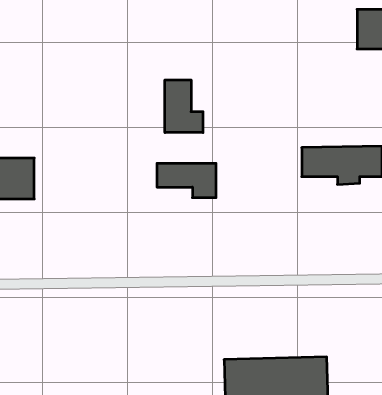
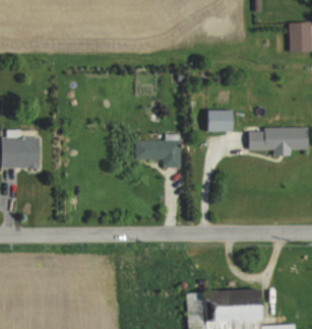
building: [165,80,203,133] -> none
building: none -> [204,110,235,131]

